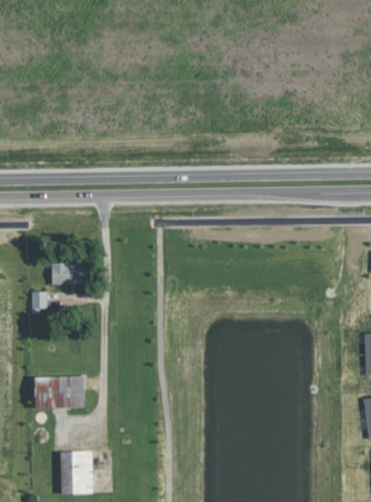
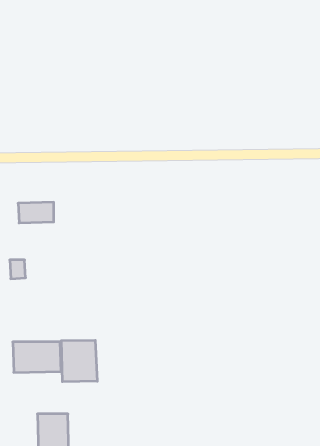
building: [51,264,88,285] -> [18,202,54,223]
building: none -> [61,340,97,382]

